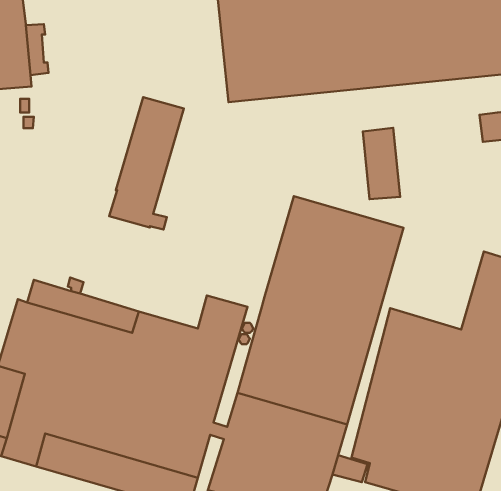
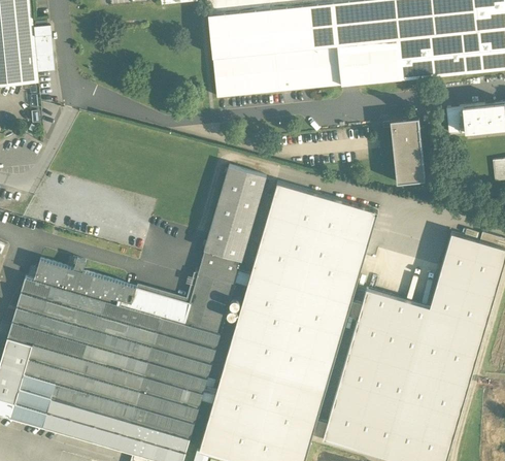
building: [109,97,184,230] -> [198,165,266,286]
building: [363,128,400,199] -> [391,118,425,183]

